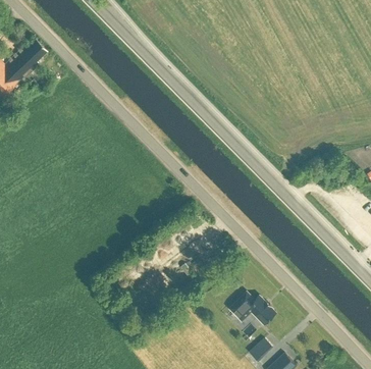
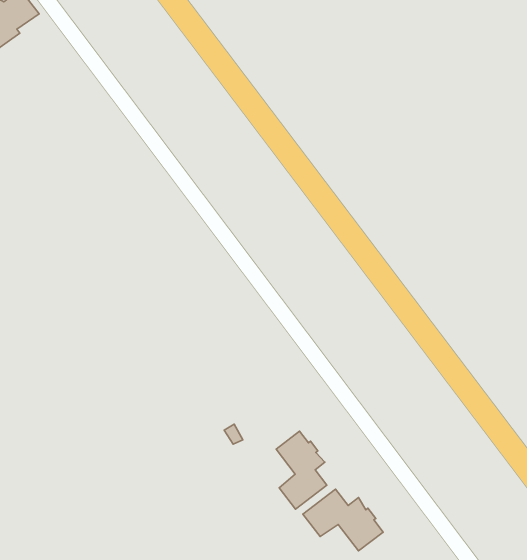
building: none -> [276,431,327,509]

